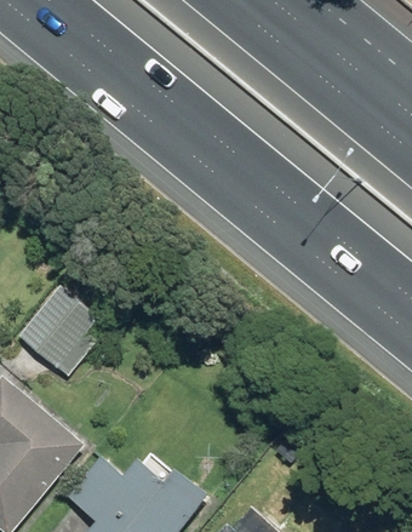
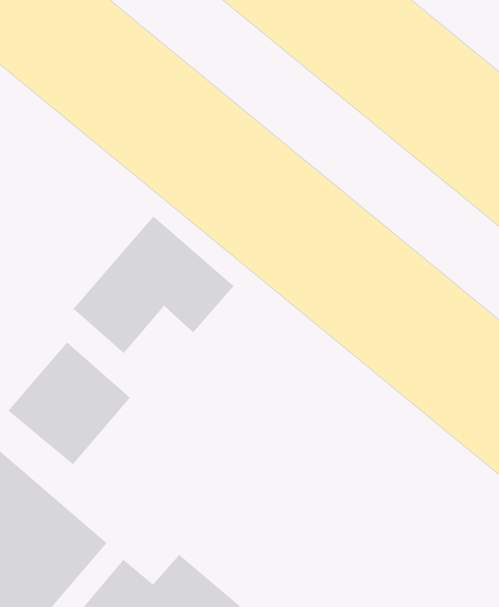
building: none -> [73,215,235,354]

